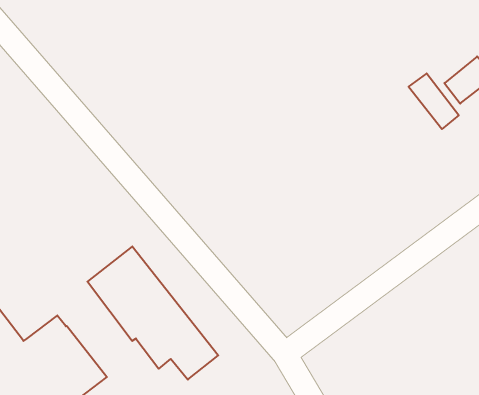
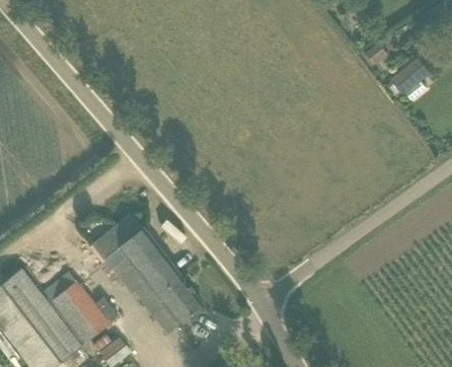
building: [409,73,459,129] -> none

